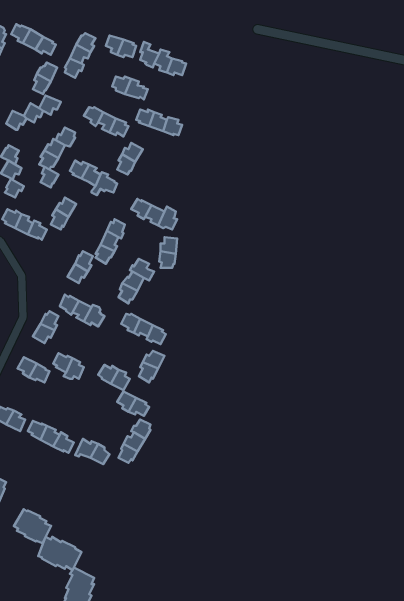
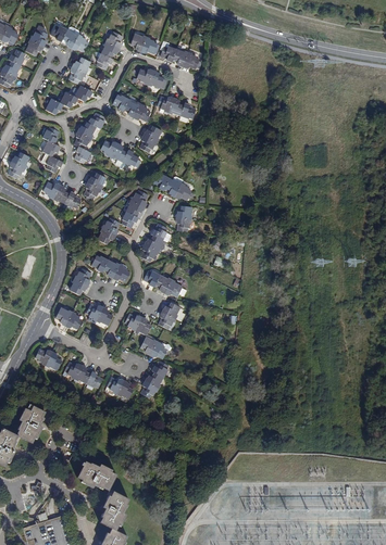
building: [14,509,51,543] -> none

